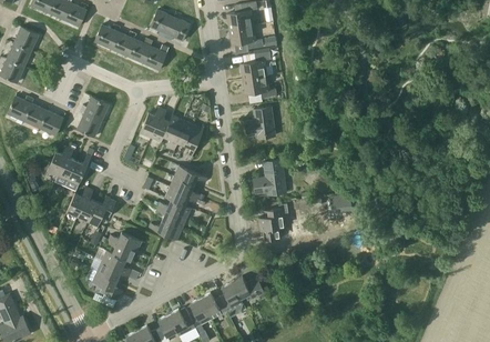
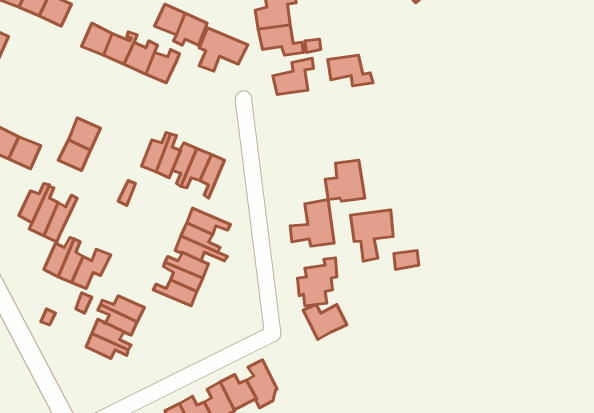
building: none -> [199,28,248,71]
building: [243,76,277,99] -> [328,55,373,86]
building: [245,107,275,138] -> [325,160,365,201]
building: none -> [350,210,393,261]
building: [92,271,122,301] -> none
building: [232,276,265,303] -> [303,304,347,339]

